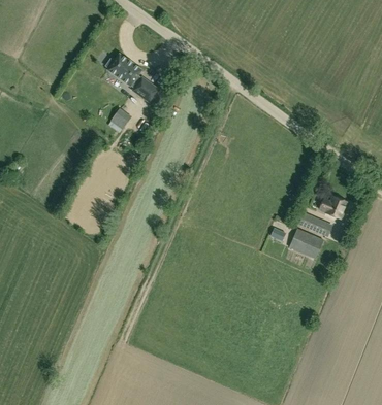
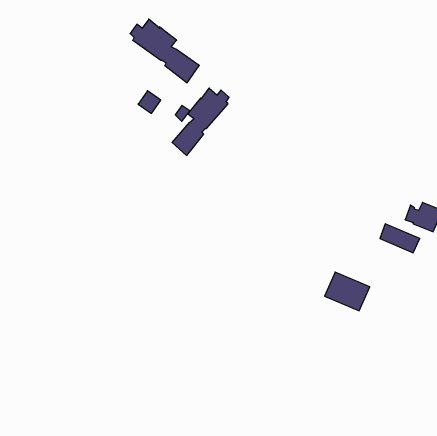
building: none -> [172,88,229,155]
building: [288,228,323,258] -> [325,272,370,311]

